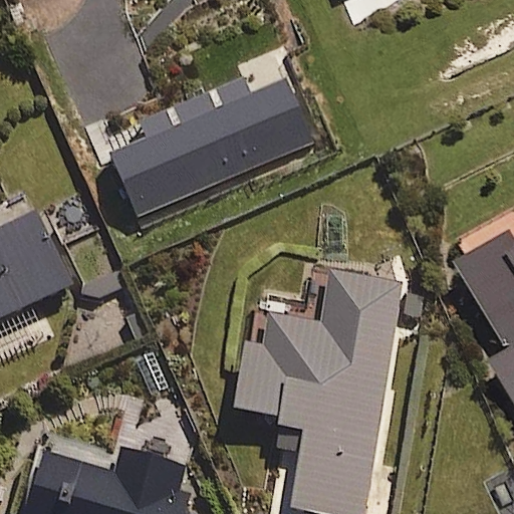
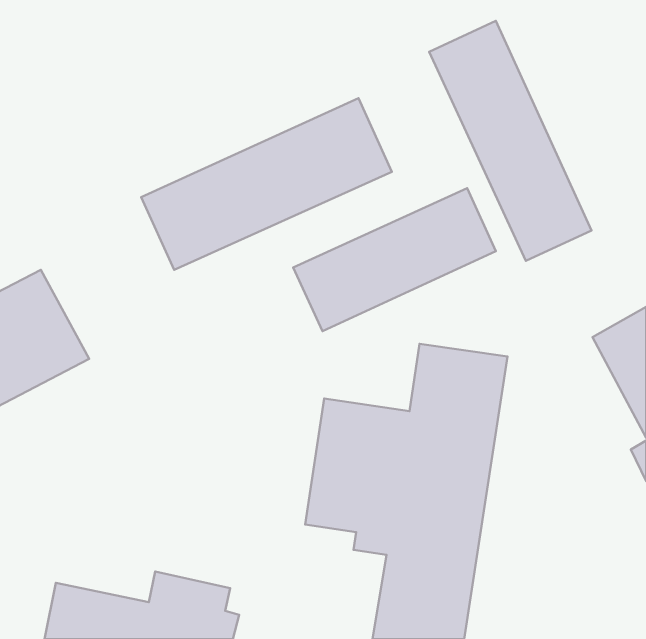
building: none -> [429,21,592,261]
building: none -> [293,188,496,331]

